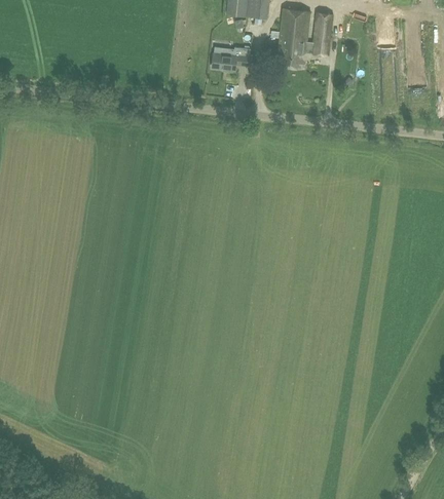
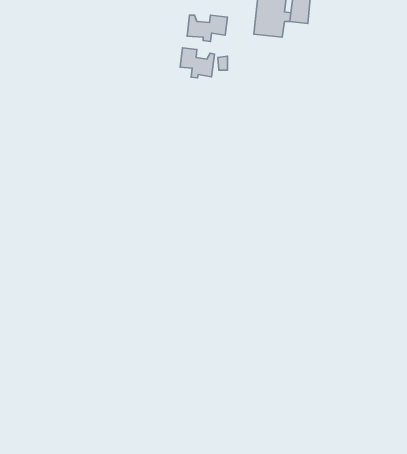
building: none -> [180,48,214,78]

